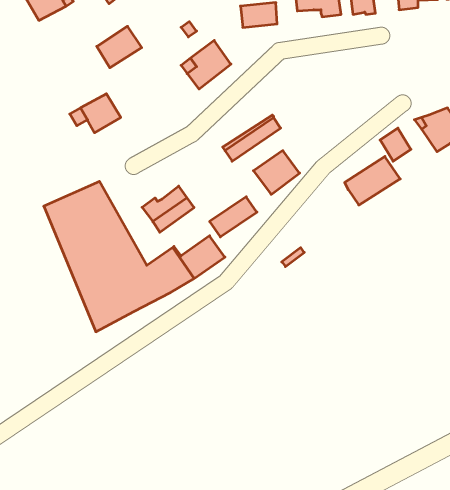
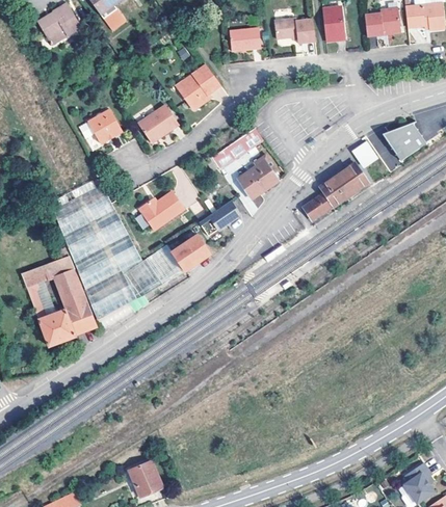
building: [97,26,142,68] -> [138,105,178,141]
building: none -> [300,194,331,221]
building: none -> [23,247,99,347]

